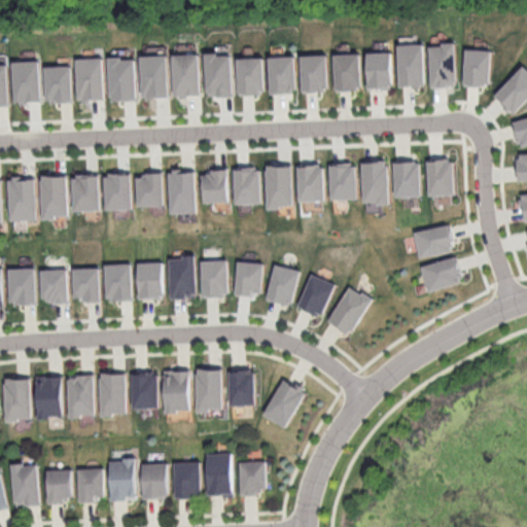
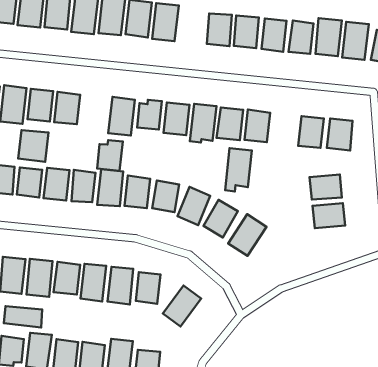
building: [235,58,262,95] -> none
building: [359,162,387,212] -> [225,148,252,191]
building: [134,171,162,207] -> [97,140,123,171]
building: none -> [18,130,49,162]
building: none -> [4,306,42,327]

